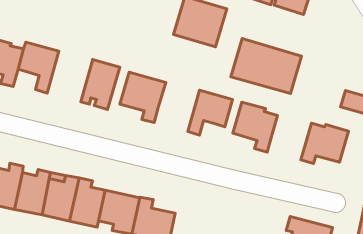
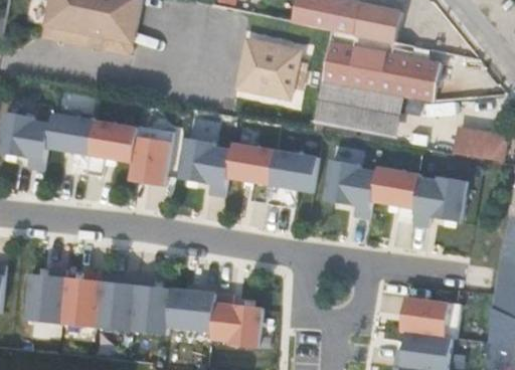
building: none -> [322,41,441,101]
building: none -> [85,120,138,176]
building: none -> [226,142,276,203]
building: none -> [371,166,420,223]

